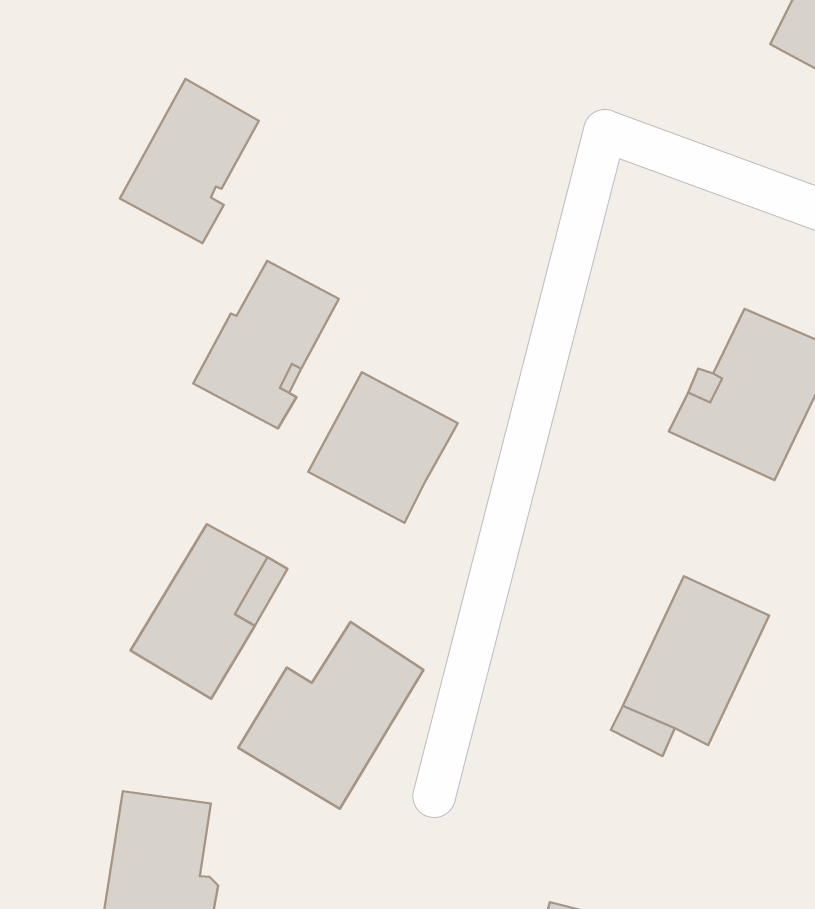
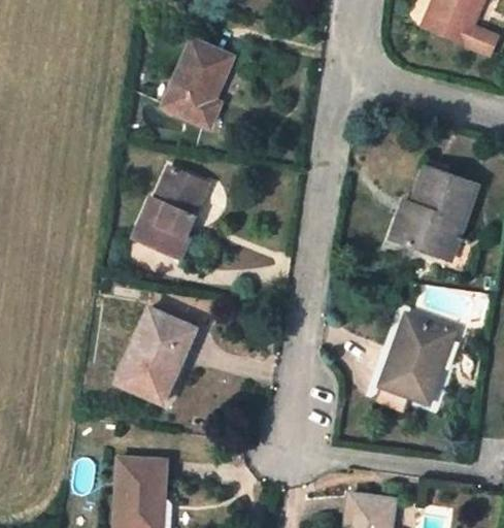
building: [120,79,259,243] -> [163,39,233,126]
building: [308,372,458,523] -> none
building: [238,622,423,809] -> none

